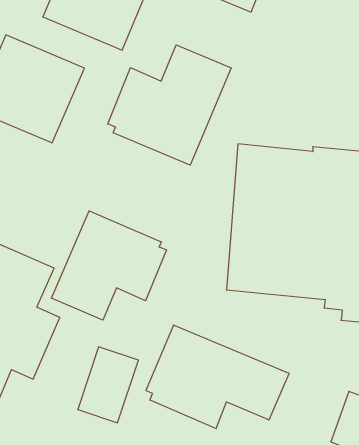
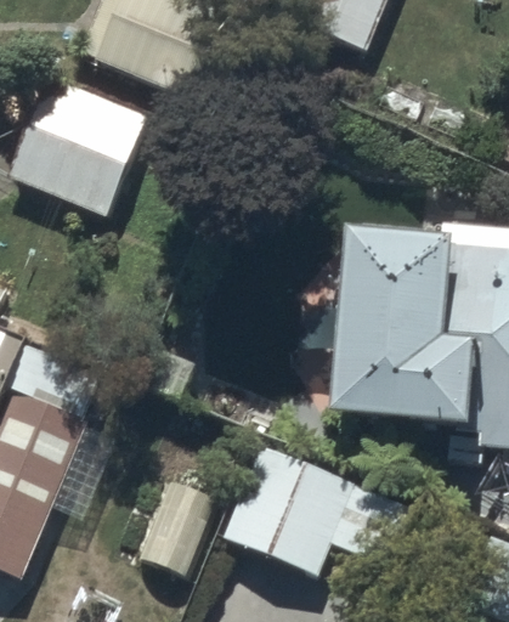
building: [108,45,231,165] -> none
building: [51,211,166,320] -> none

